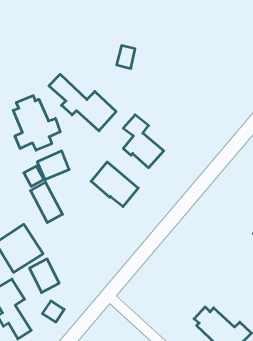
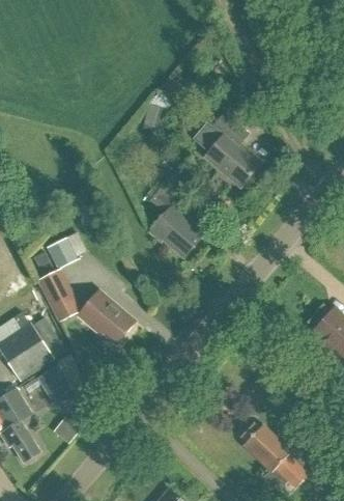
building: none -> [194,114,263,189]
building: [49,74,116,131] -> none
building: [13,96,60,150] -> none
building: [91,162,138,207] -> [78,289,136,344]

